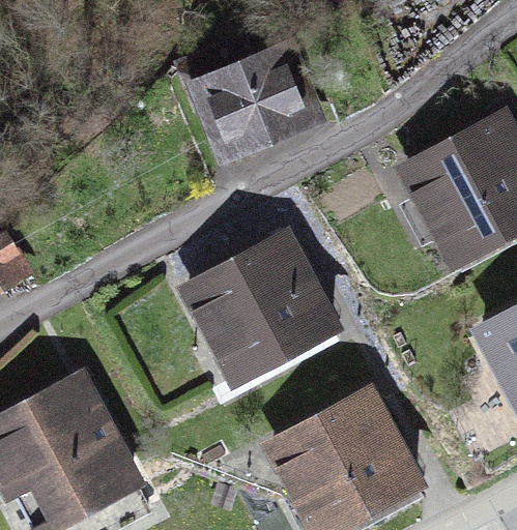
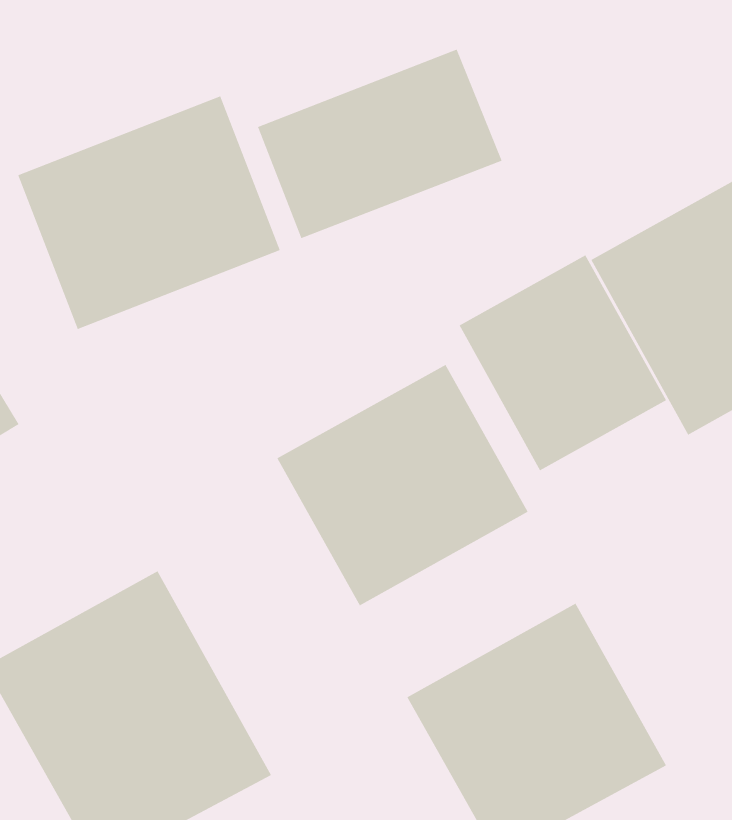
building: none -> [17,96,281,330]
building: none -> [459,254,667,471]

